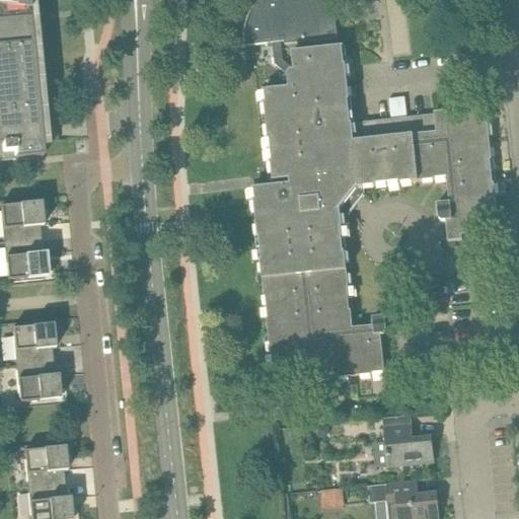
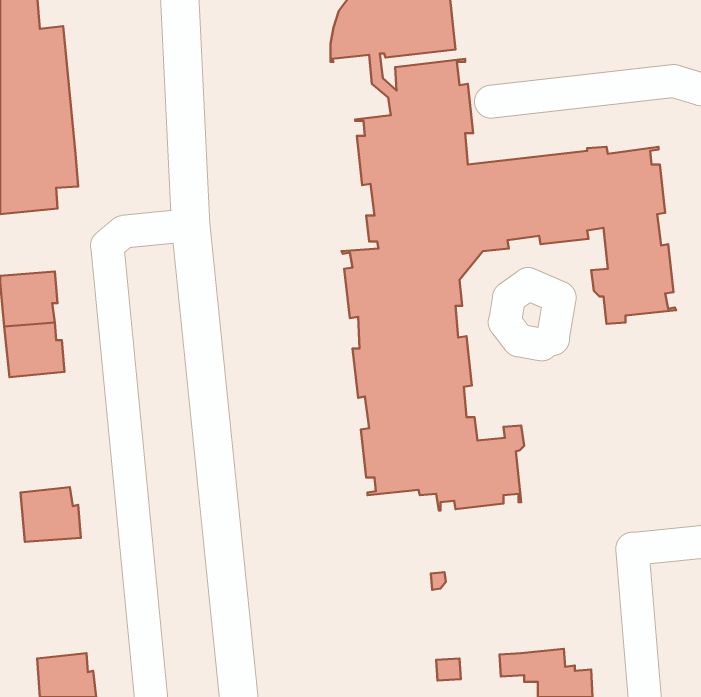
building: [11,322,55,364] -> none
building: [383,414,433,464] -> none
building: [23,445,67,487] -> none

